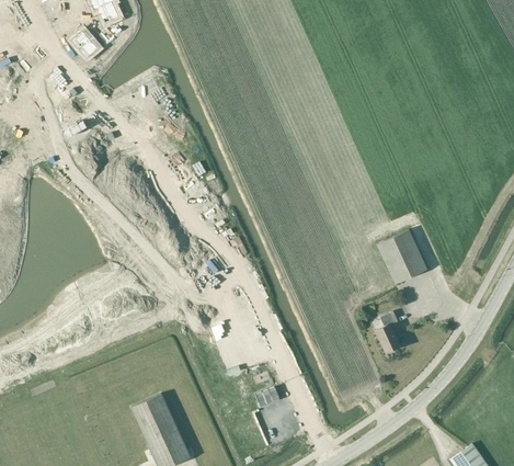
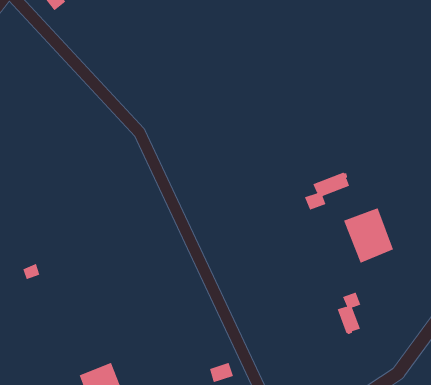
building: none -> [304,172,350,211]

